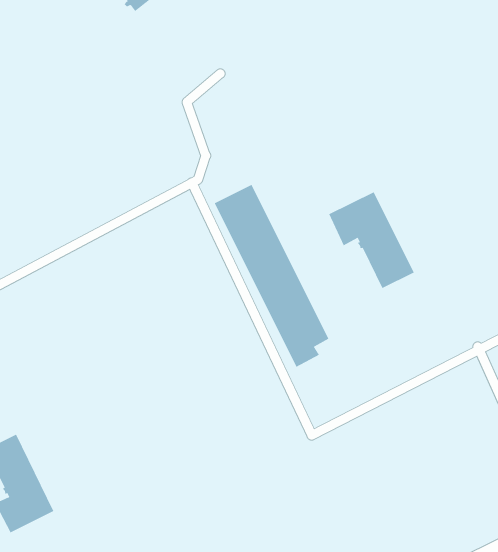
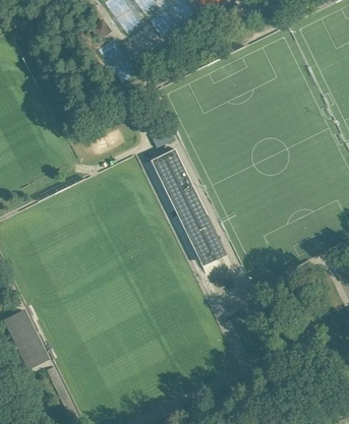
building: [328,192,414,289] -> none

